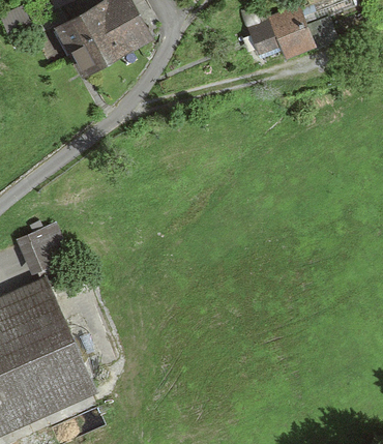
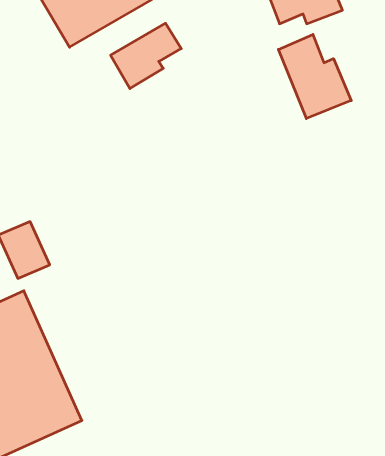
building: none -> [111,23,181,89]
building: none -> [278,34,351,119]

